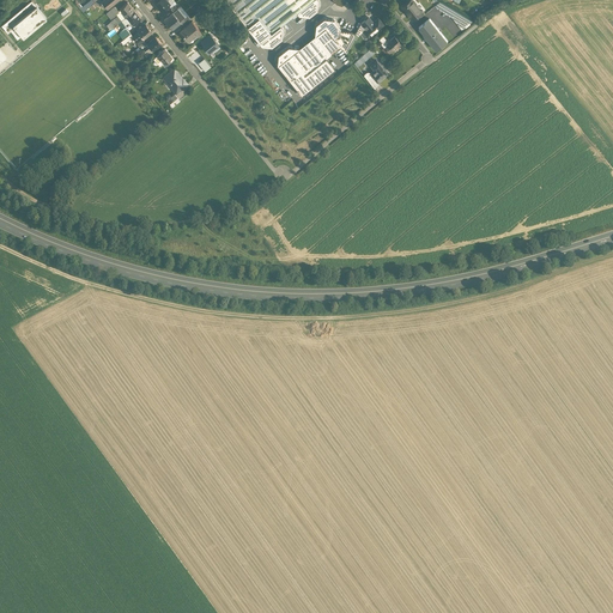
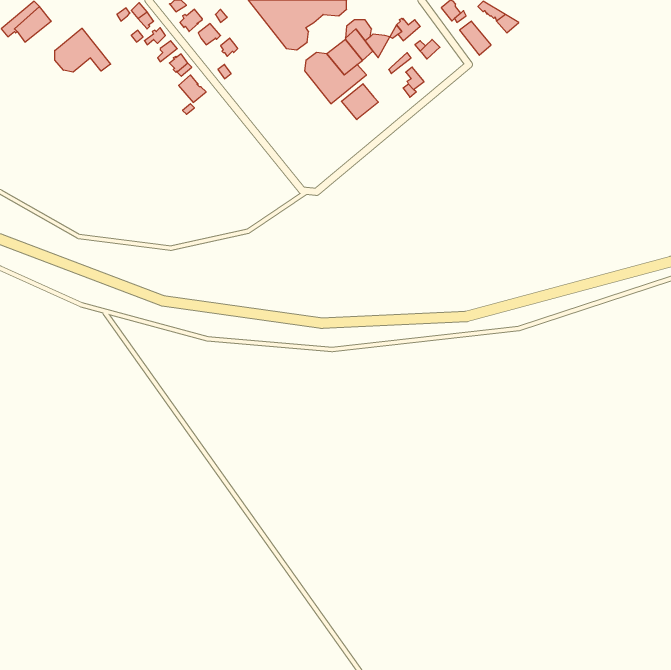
building: none -> [55,28,111,72]
building: none -> [341,84,378,120]

